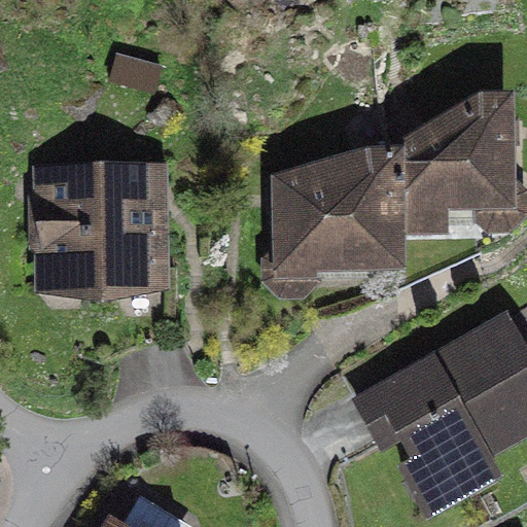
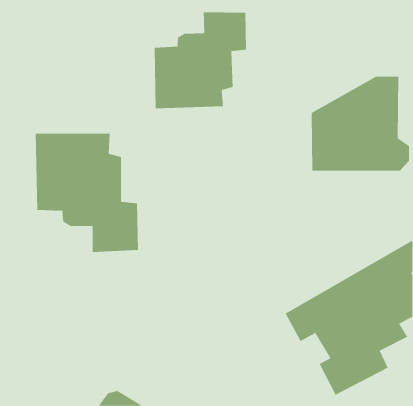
building: none -> [154,12,247,109]
building: [270,143,395,281] -> none

